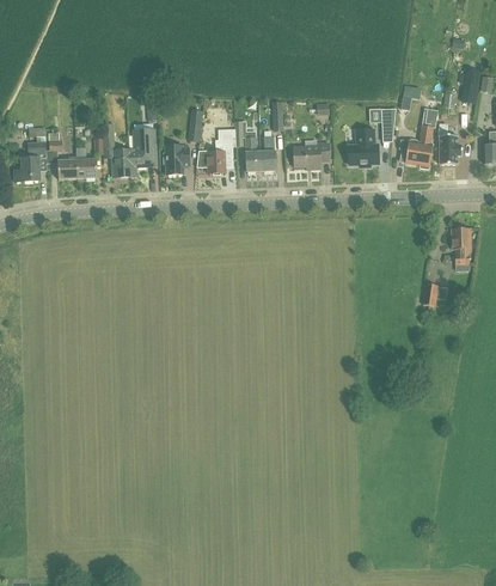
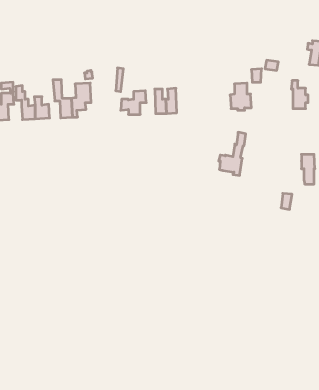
building: [399,108,437,169] -> [219,132,246,175]
building: [288,138,330,169] -> none
building: [163,145,189,175] -> none

